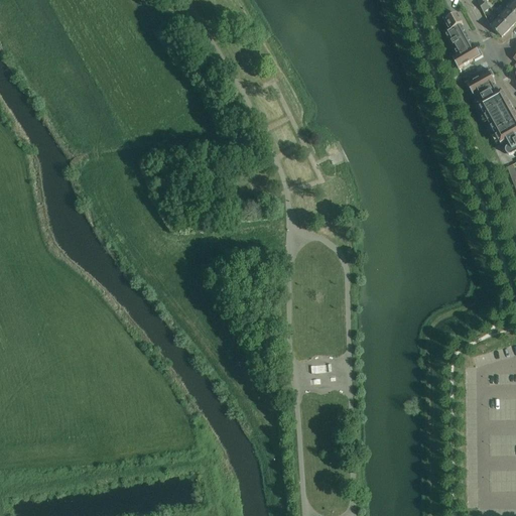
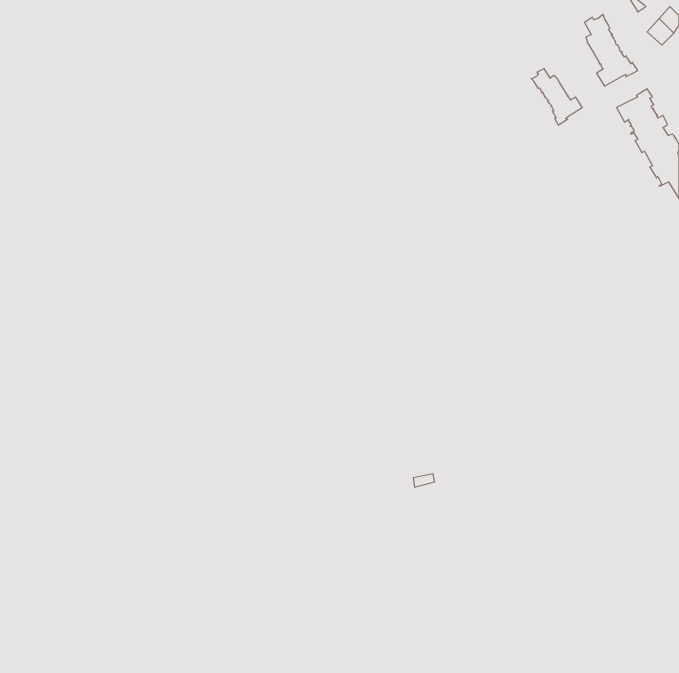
building: none -> [531,69,582,125]

